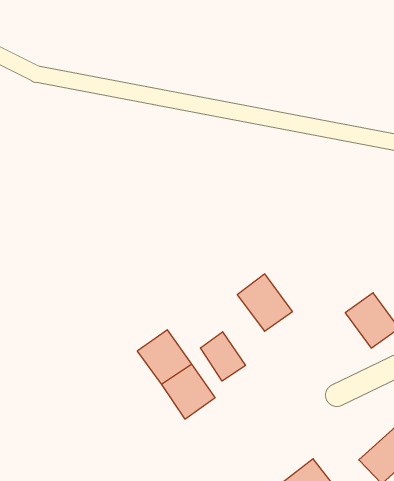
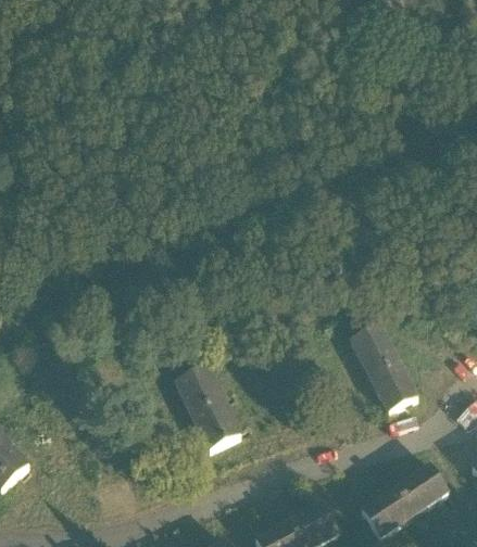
building: [237,274,292,331] -> [351,323,399,376]
building: [200,332,245,381] -> none

